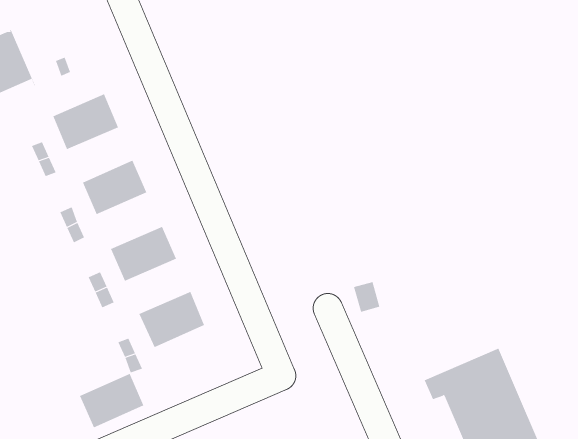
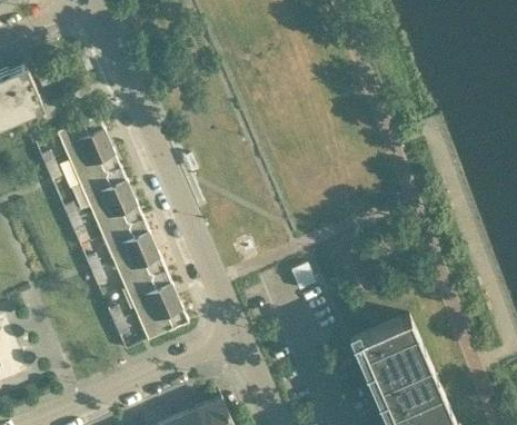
building: none -> [67,141,119,185]
building: none -> [90,192,142,237]
building: none -> [112,245,165,288]
building: [79,373,144,428] -> [136,297,187,340]

